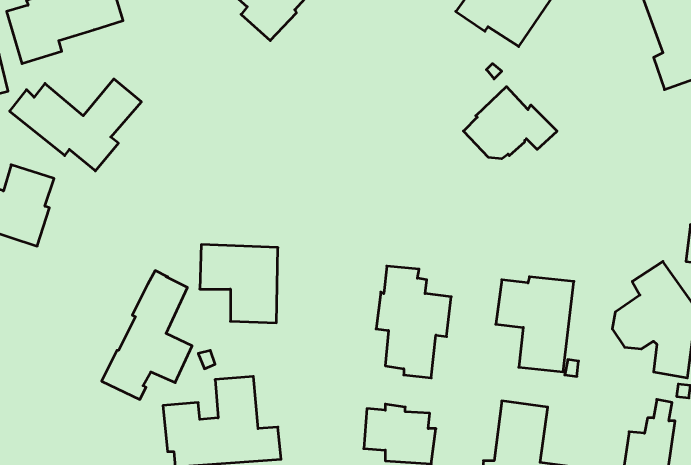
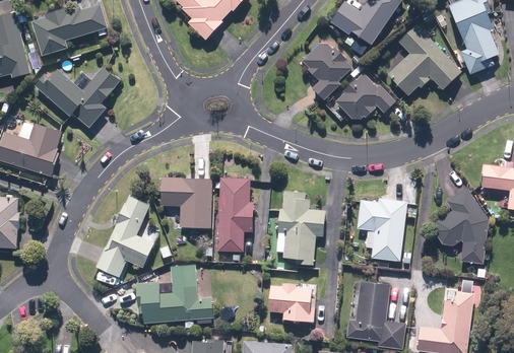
building: none -> [386,24,462,96]
building: none -> [301,42,352,100]
building: none -> [217,178,253,252]

